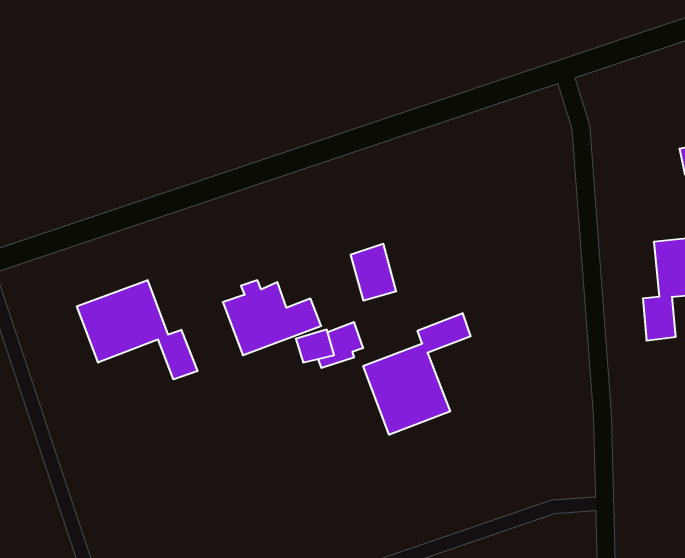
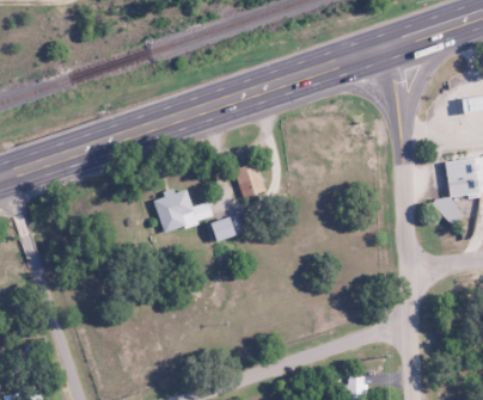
building: [77,280,197,379] -> none
building: [363,313,471,435] -> none

